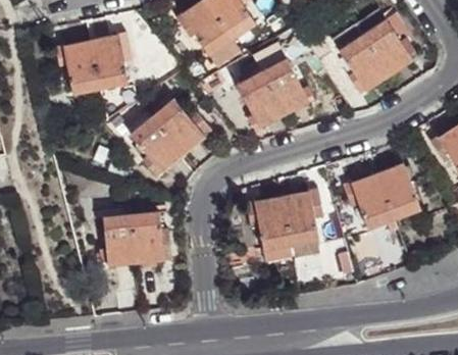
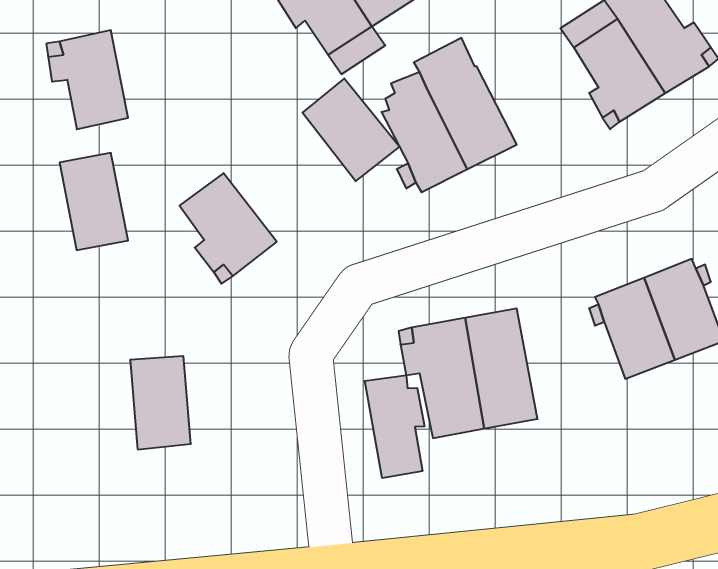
building: [92,36,129,88] -> [60,153,128,250]
building: [152,99,204,154] -> [302,78,399,181]
building: [131,212,169,262] -> none
building: none -> [365,375,425,478]

